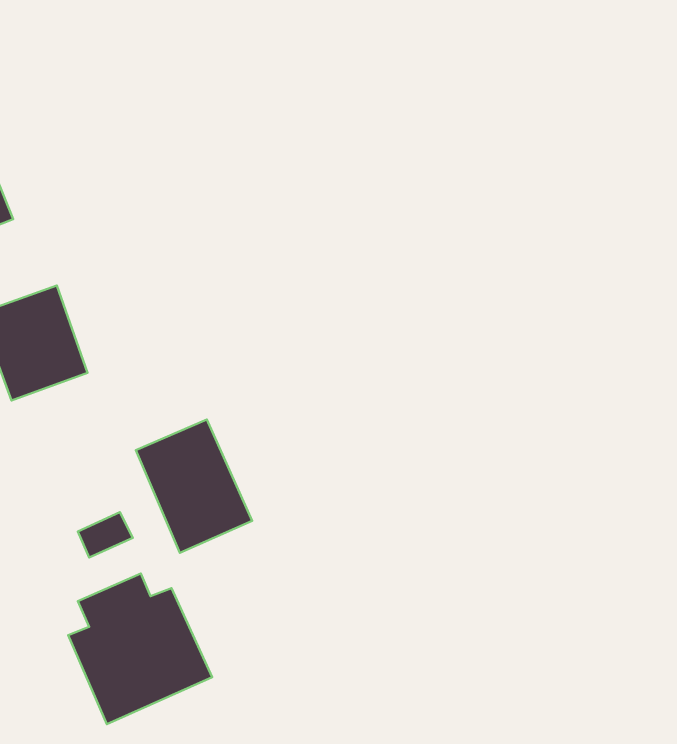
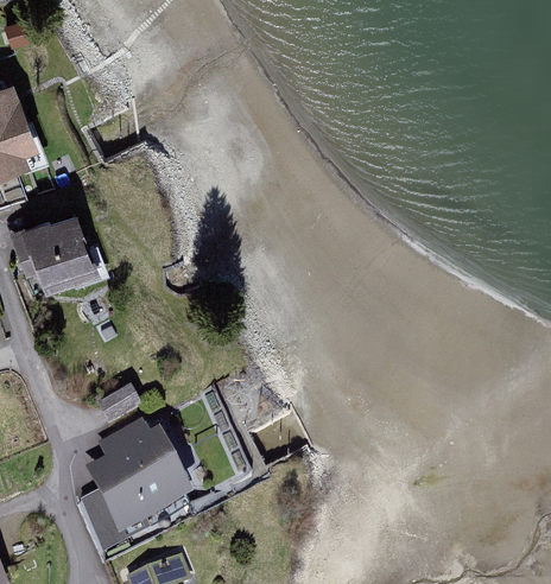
building: [136,419,252,553] -> none

